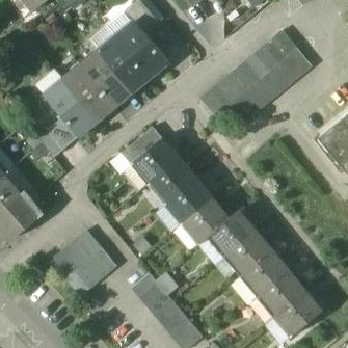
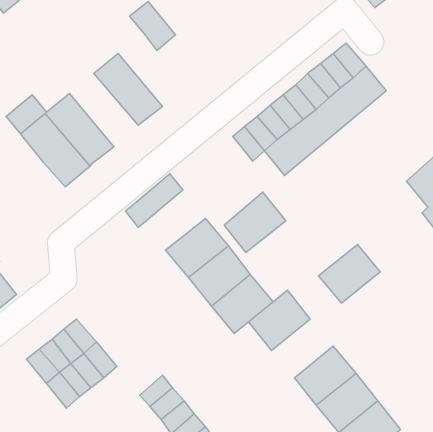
building: [116,25,166,78] -> none
building: [81,54,131,107] -> none
building: [35,118,79,157] -> none
building: [135,138,180,182] -> [224,192,286,253]
building: [227,232,272,274] -> [319,244,380,303]

